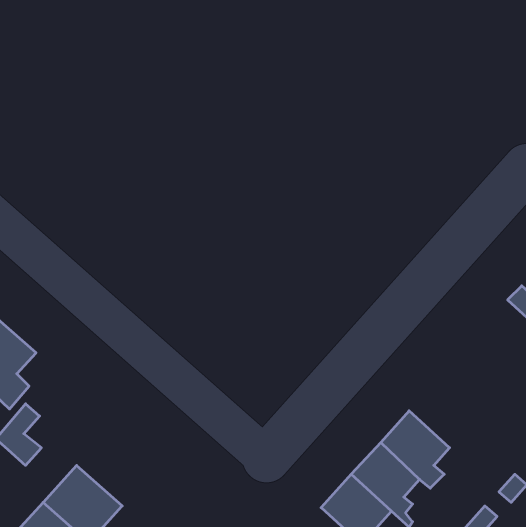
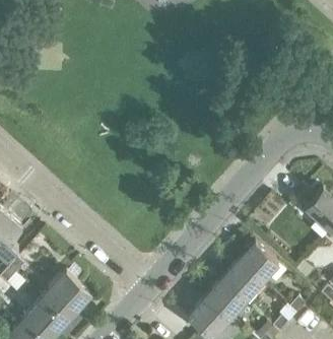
building: none -> [237,244,285,283]
building: none -> [45,271,90,317]

